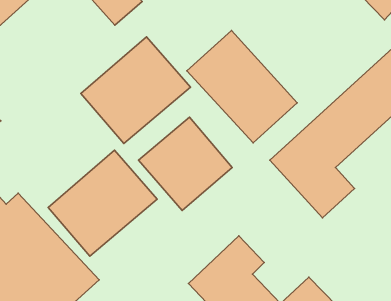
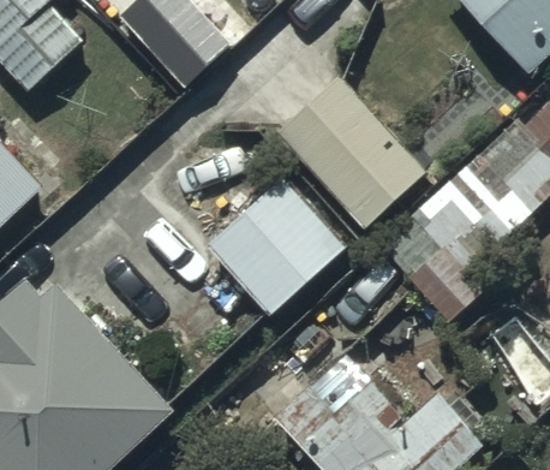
building: [81,37,191,144] -> none
building: [48,150,157,256] -> none

